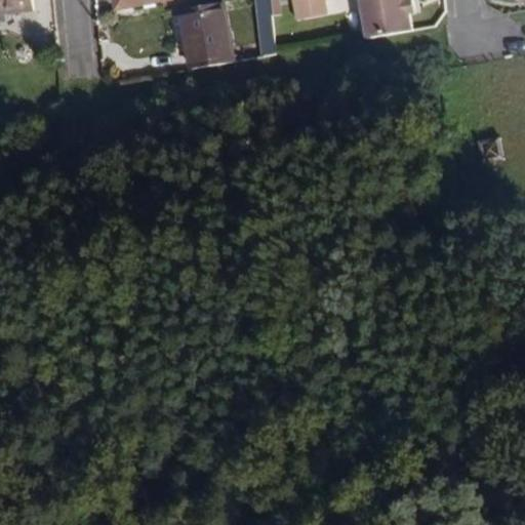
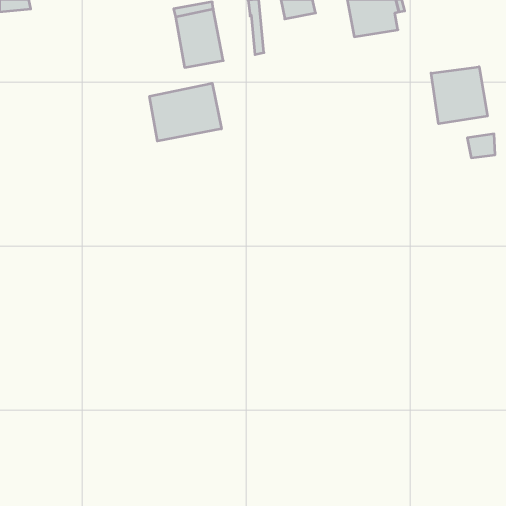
building: none -> [431,67,487,124]
building: none -> [150,83,221,141]

